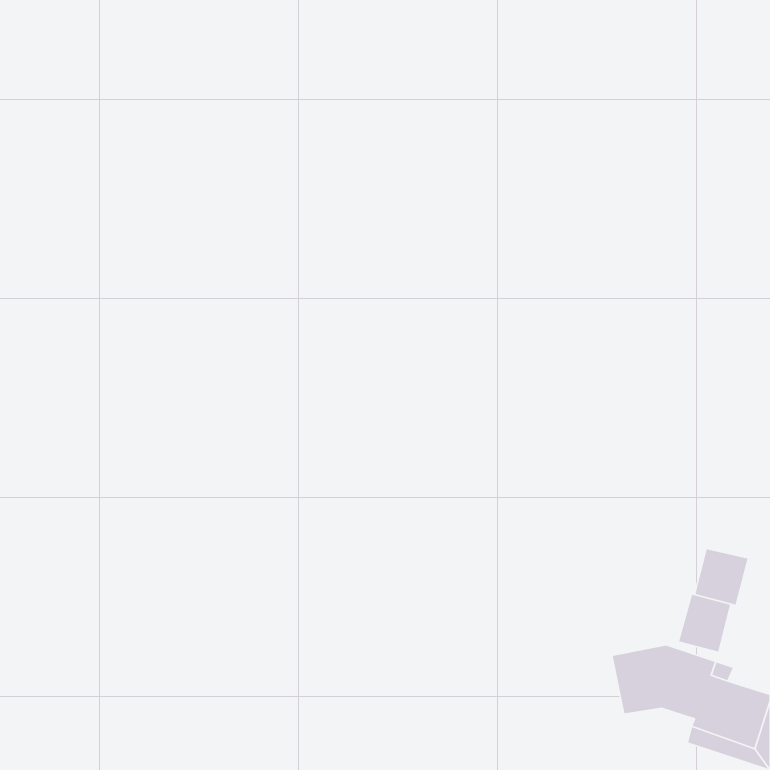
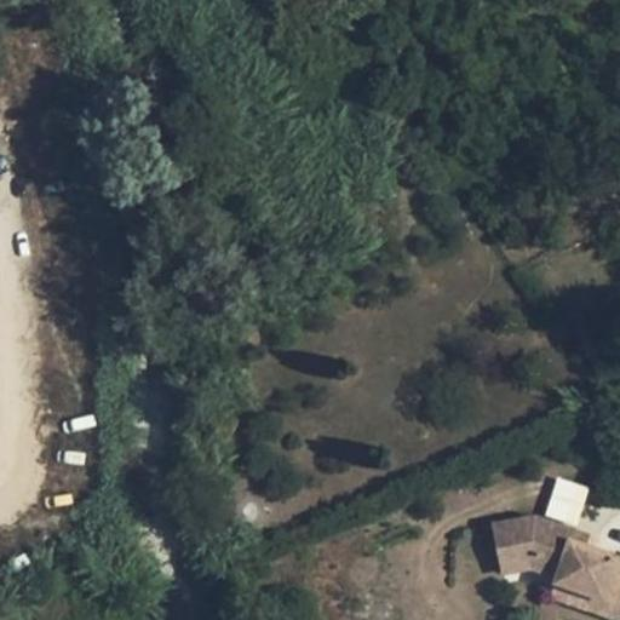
building: [695,549,748,606] -> none

